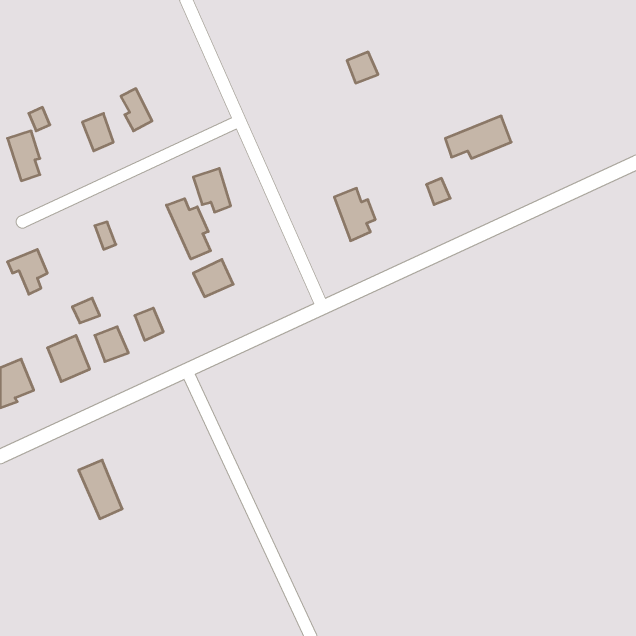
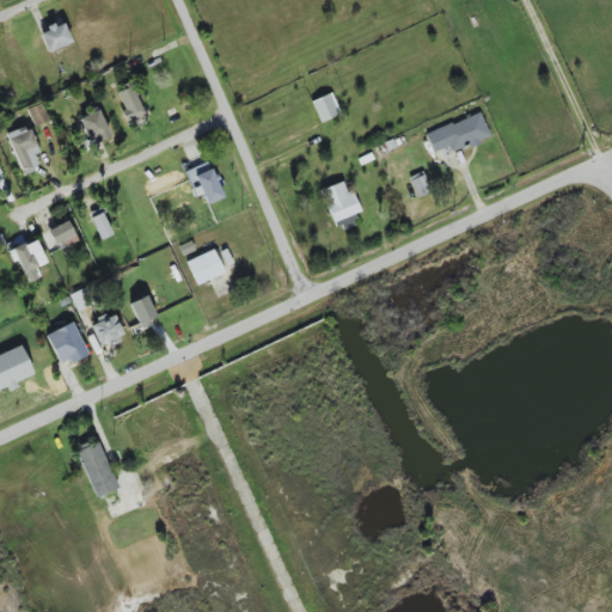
building: none -> [41,22,72,51]
building: [347,52,378,83] -> [312,92,342,122]
building: [166,199,211,259] -> none
building: none -> [48,219,79,249]

